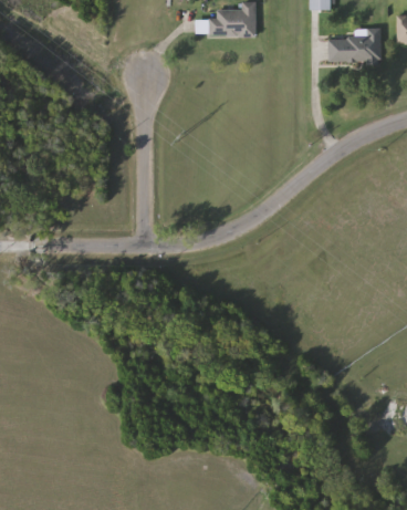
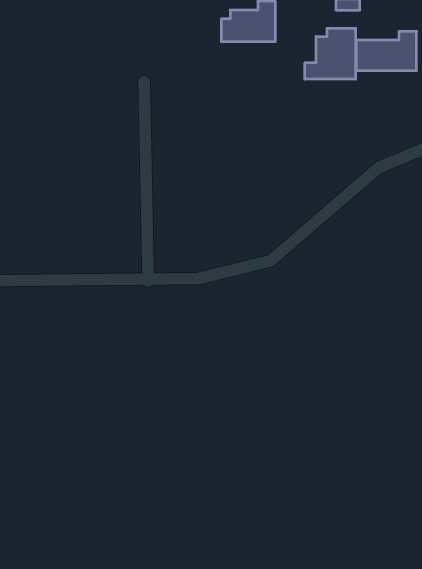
building: none -> [305,28,356,79]

